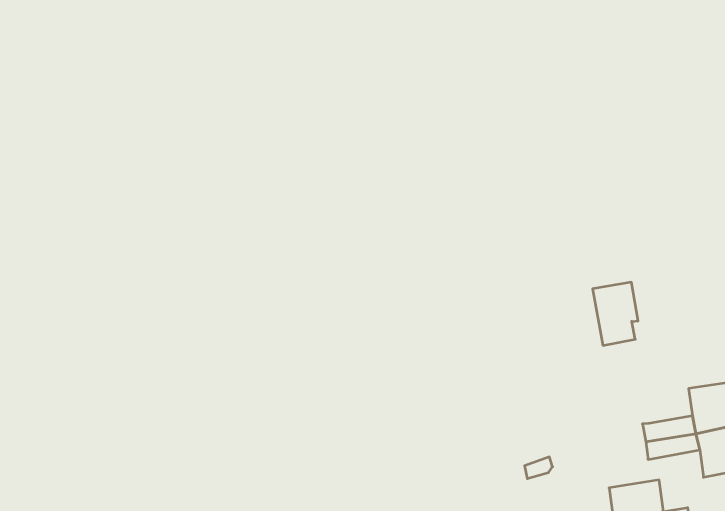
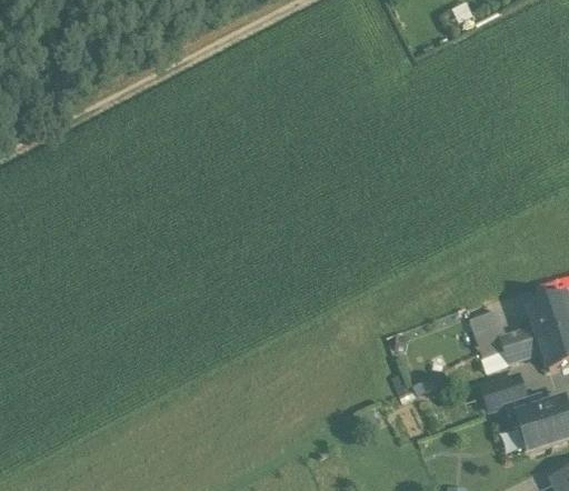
building: [593,282,638,345] -> [469,310,505,358]

